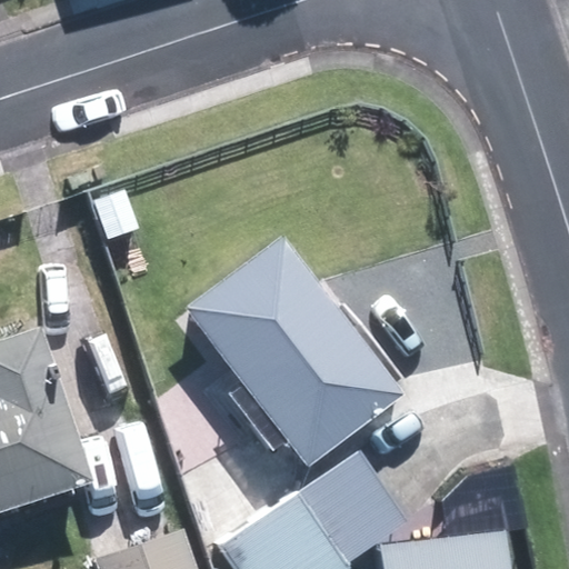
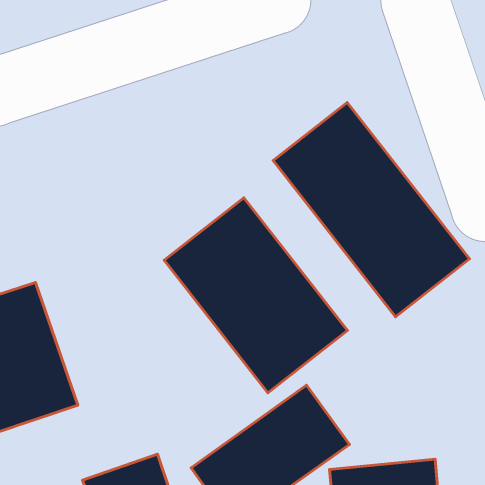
building: none -> [273,103,470,317]

